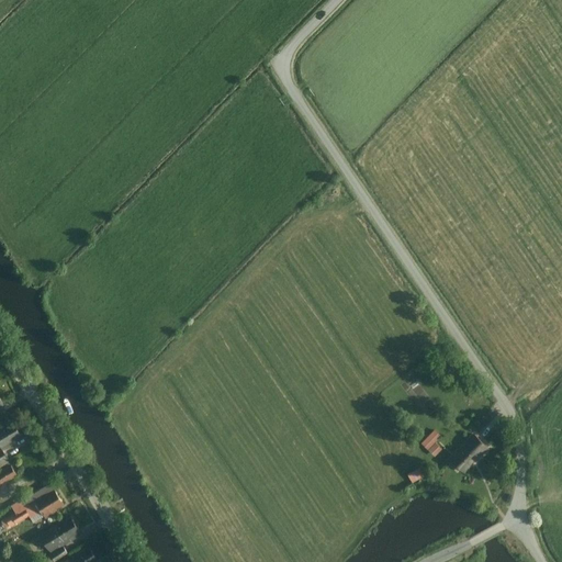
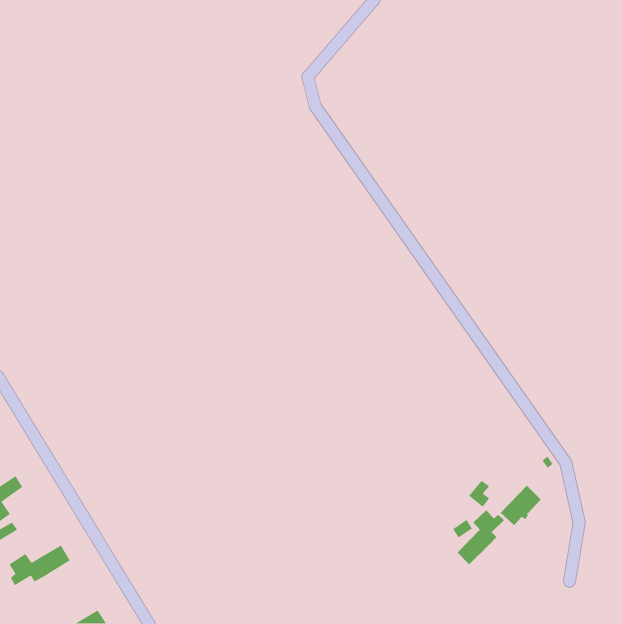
building: none -> [457,510,505,565]
building: [36,516,78,552] -> none

